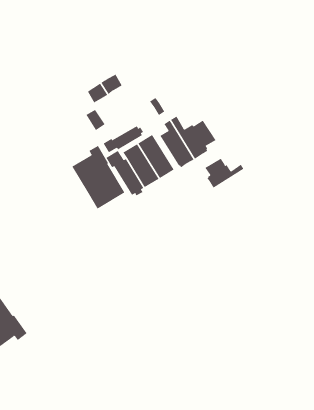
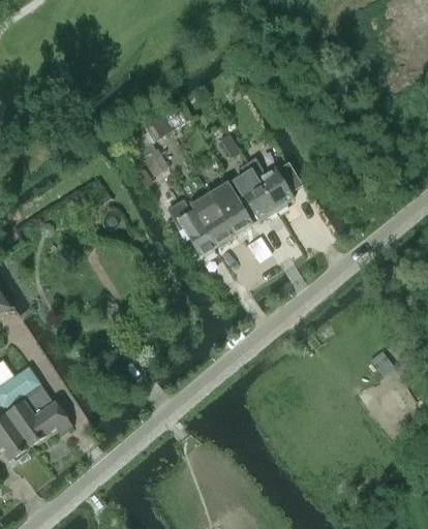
building: [103,125,144,153] -> none
building: [71,145,125,210] -> none
building: [205,158,244,189] -> none

